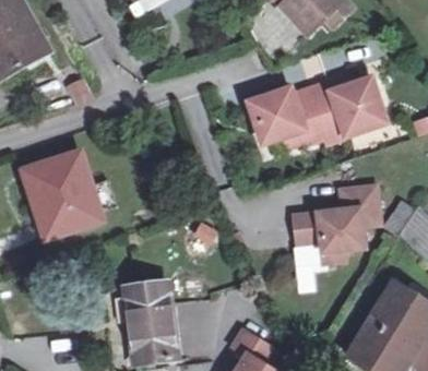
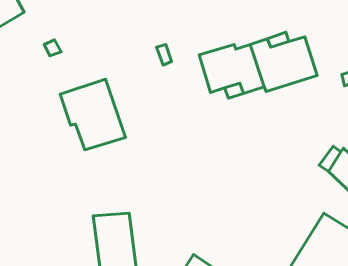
building: [24,152,99,234] -> [60,79,125,150]
building: [293,184,379,262] -> none

